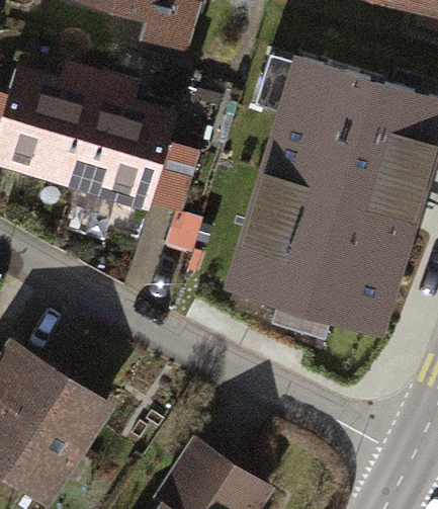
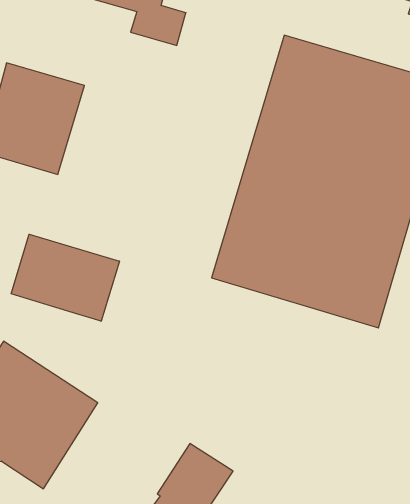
building: [70,94,200,213] -> none
building: none -> [11,234,119,321]

